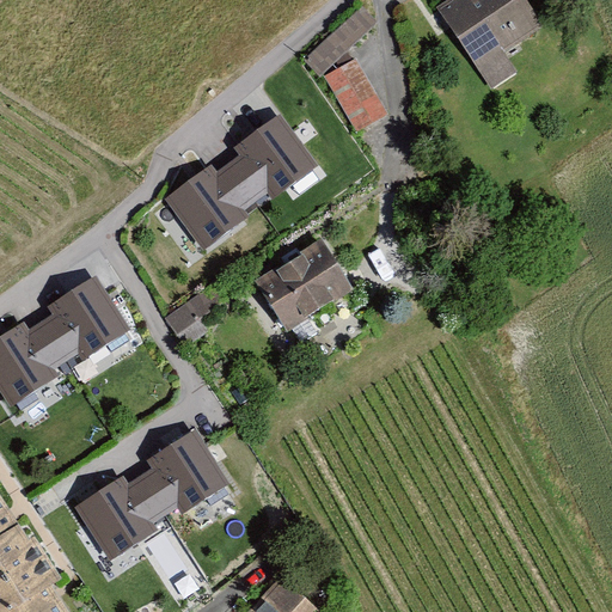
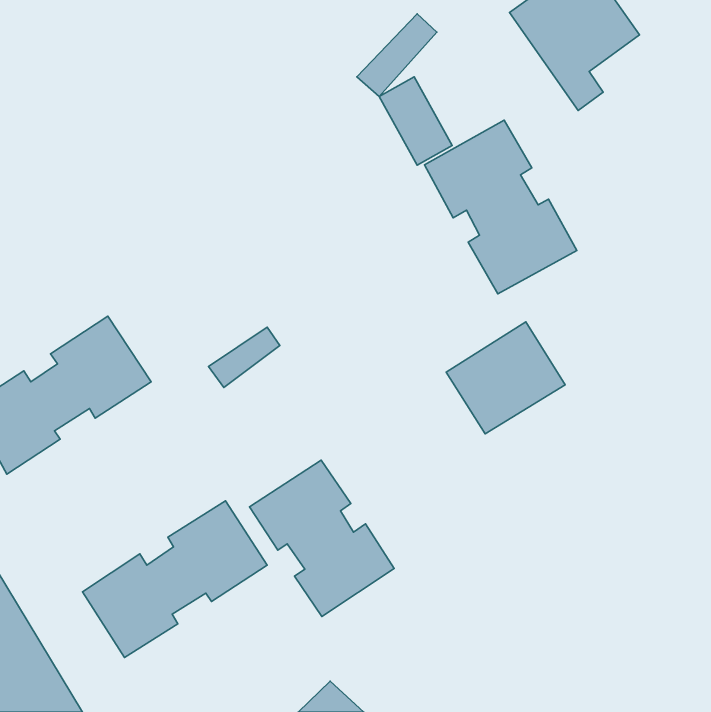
building: none -> [424,120,577,294]
building: [164,115,322,250] -> none
building: [255,247,356,343] -> [446,322,565,434]
building: none -> [250,460,394,616]

